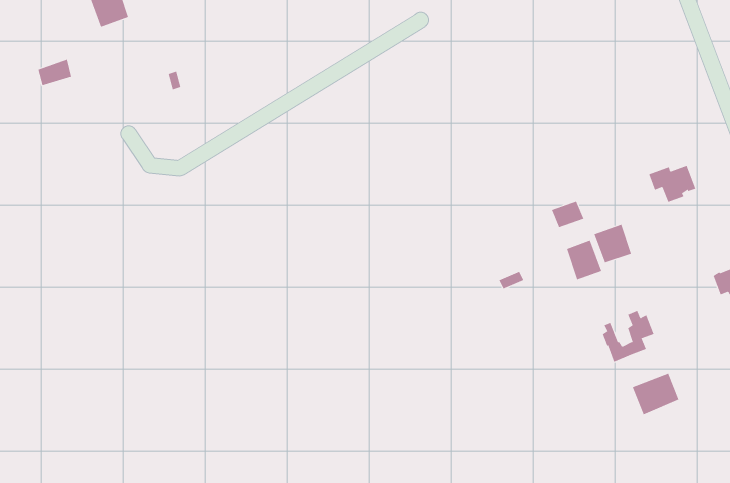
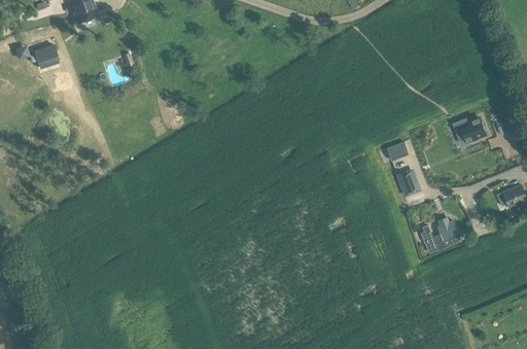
building: [594,224,632,263] -> none
building: [632,373,679,415] -> none

